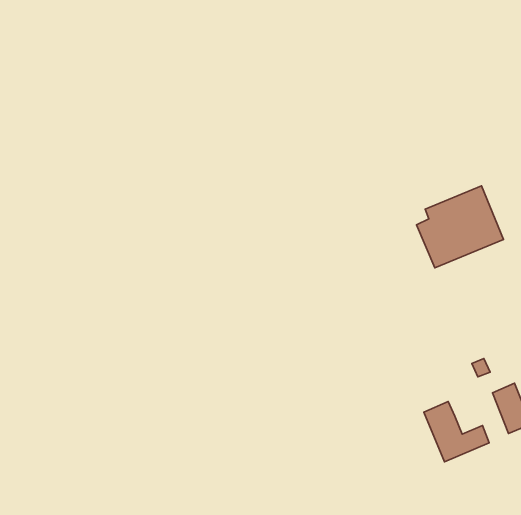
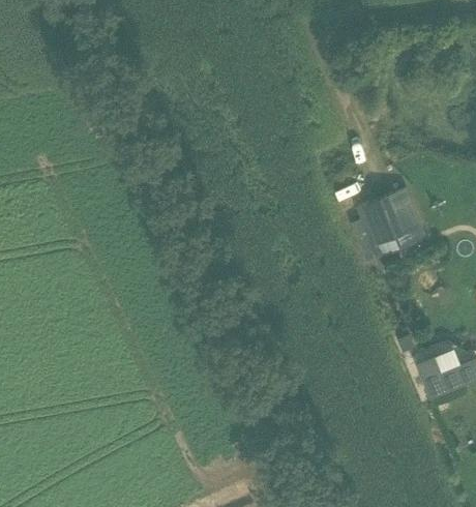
building: [424,402,489,462] -> none

